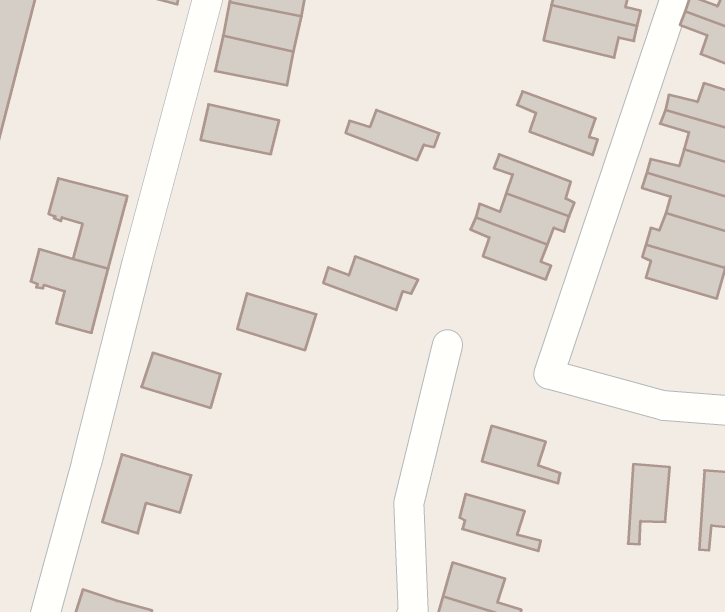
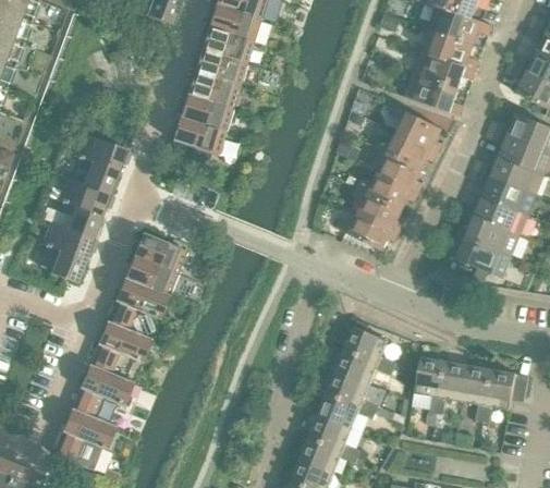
building: none -> [404,73,464,115]
building: none -> [186,72,240,109]
building: [346,110,439,160] -> [376,133,438,169]
building: none -> [171,117,224,155]
building: [323,257,418,310] -> [335,212,399,251]
building: none -> [451,237,511,278]
building: [237,293,316,350] -> [133,232,186,273]
building: none -> [40,221,94,283]
building: none -> [106,277,168,330]
building: none -> [331,349,393,385]
building: none -> [414,356,444,413]
building: none -> [462,365,491,422]
building: none -> [71,364,133,417]
building: none -> [318,392,376,428]

